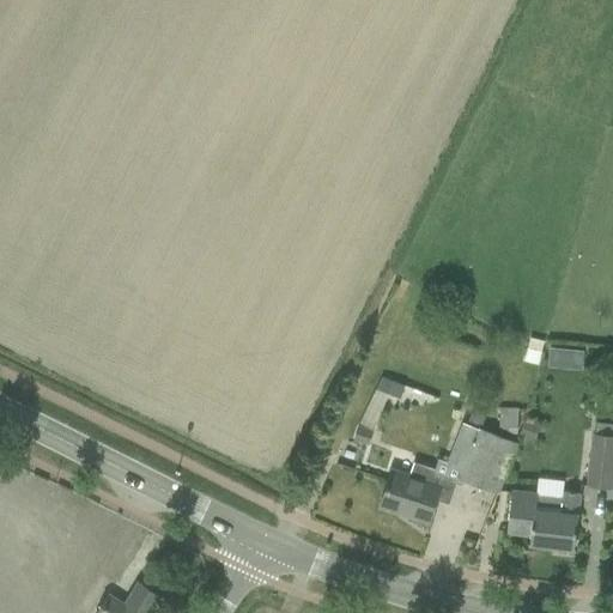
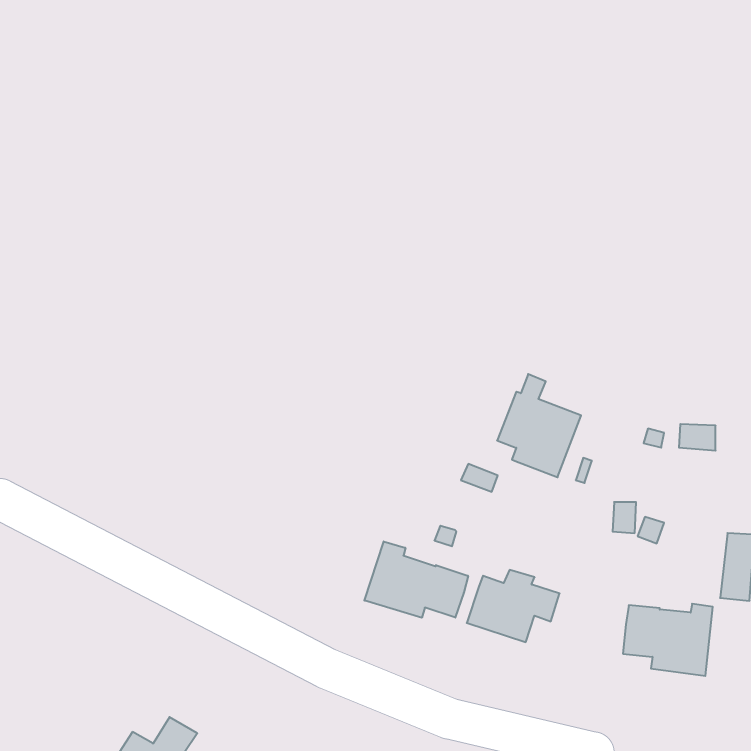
building: [448,409,516,493] -> [497,374,581,477]
building: none -> [364,541,468,618]

